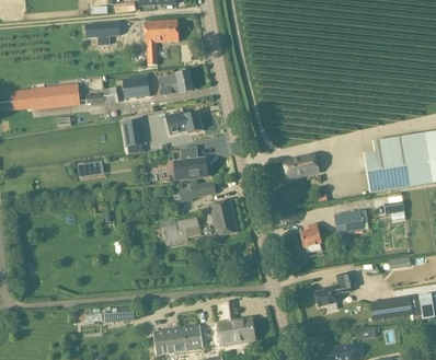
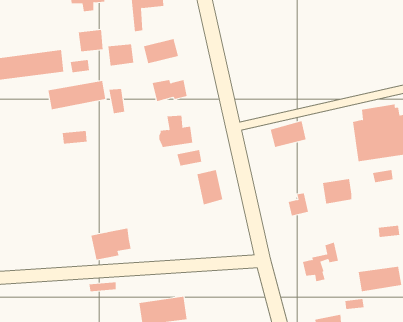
building: none -> [78,29,103,52]
building: none -> [48,80,106,110]
building: [160,213,200,245] -> [90,228,132,260]
building: [217,301,255,345] -> none

